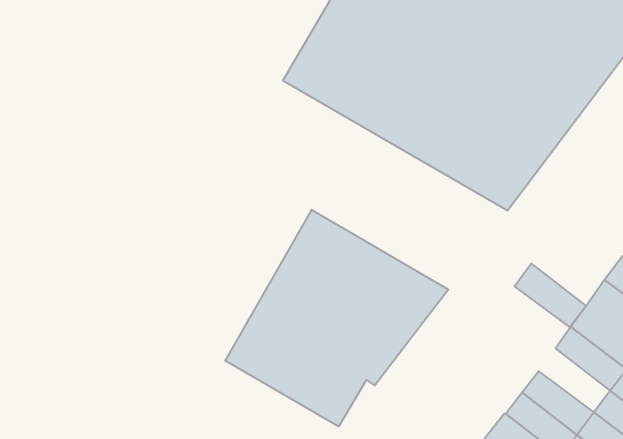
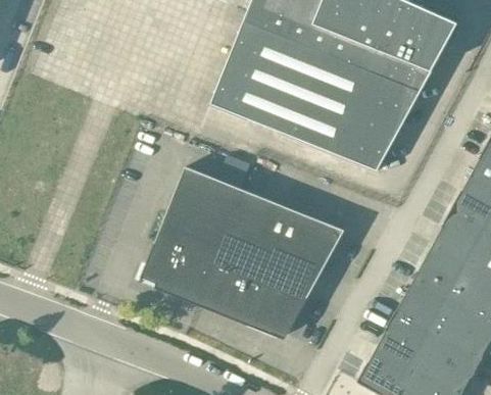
building: none -> [140,166,243,305]
building: [515,264,586,327] -> [415,260,467,300]

